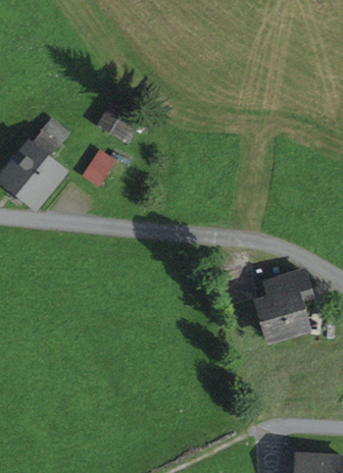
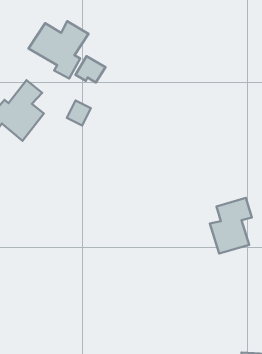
building: none -> [29,21,89,79]

